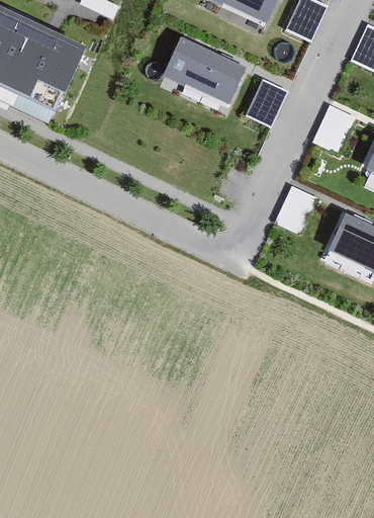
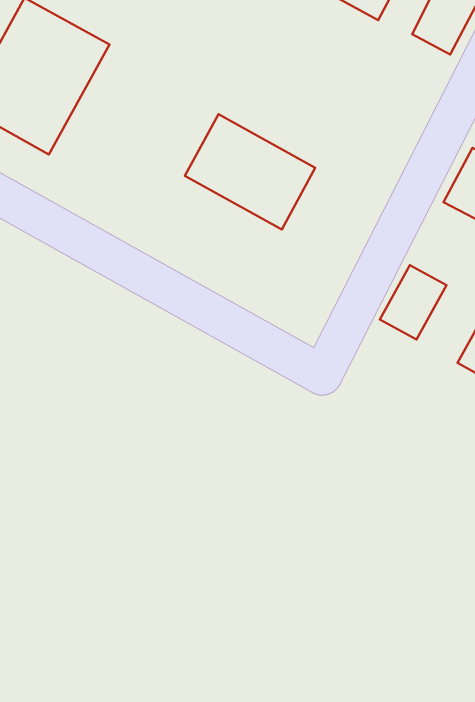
building: [161,35,248,110] -> [185,114,315,229]
building: [244,78,288,127] -> none

